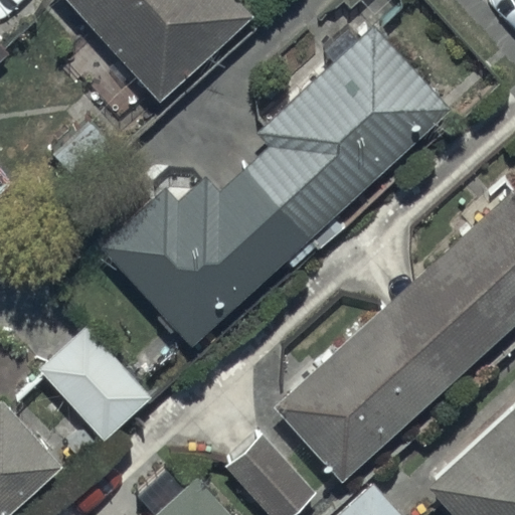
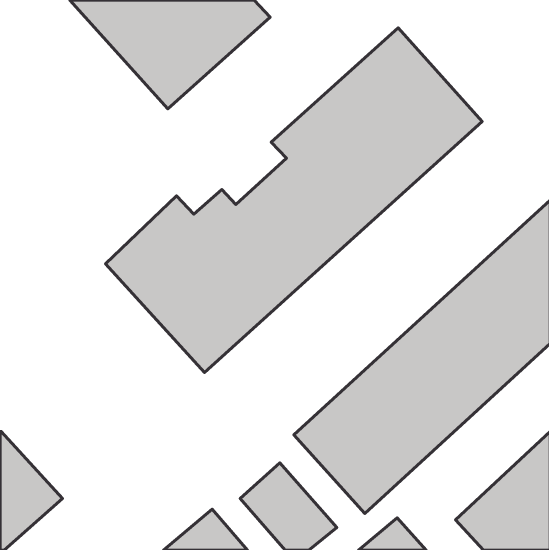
building: [38,325,153,443] -> none

